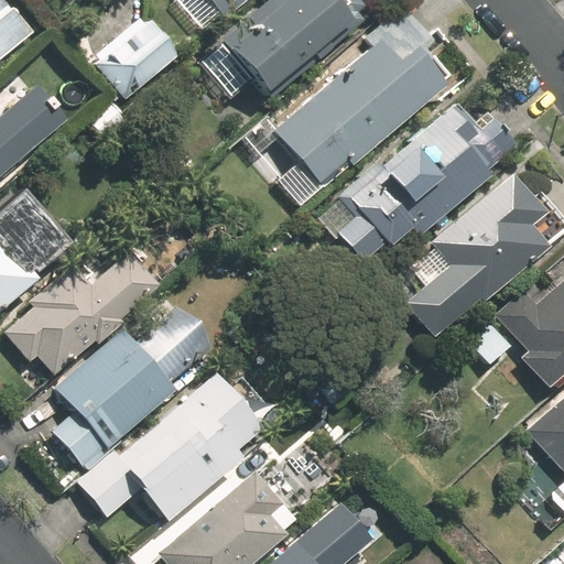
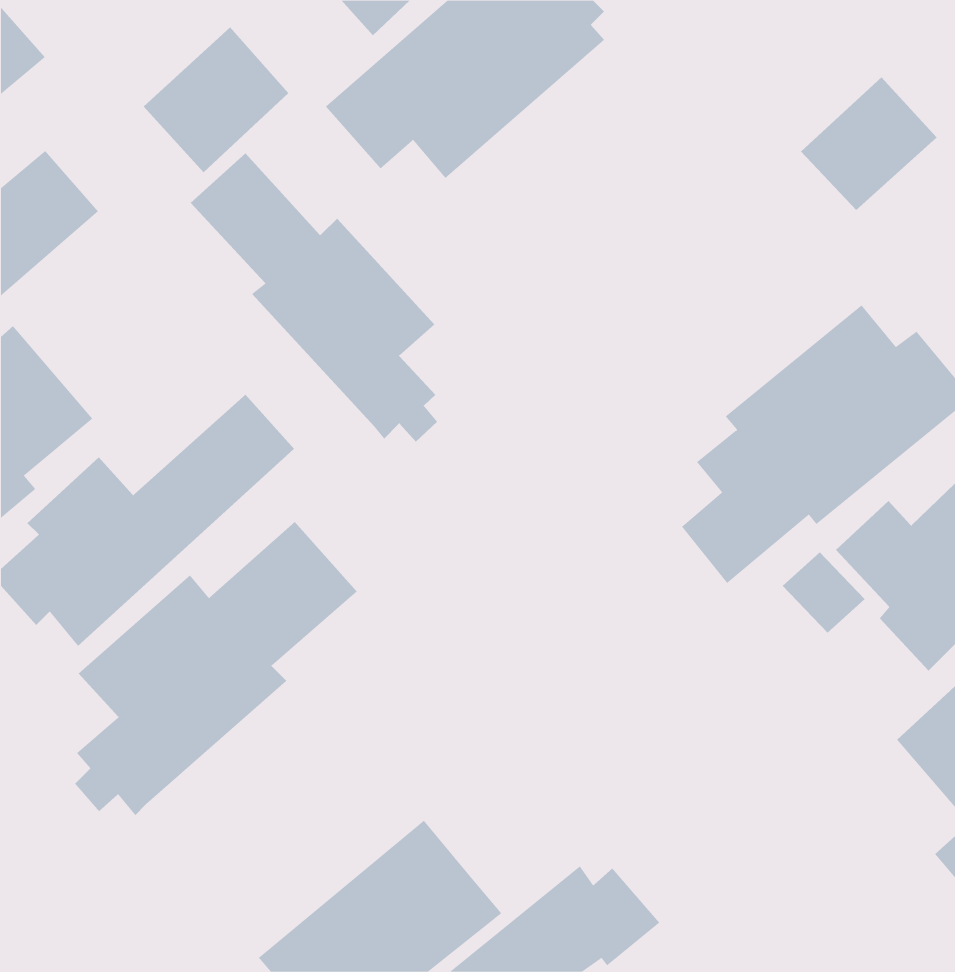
building: [240,11,449,207] -> none
building: none -> [800,77,938,211]
building: none -> [190,152,438,442]
building: [321,110,520,263] -> none
building: [95,366,262,524] -> none

